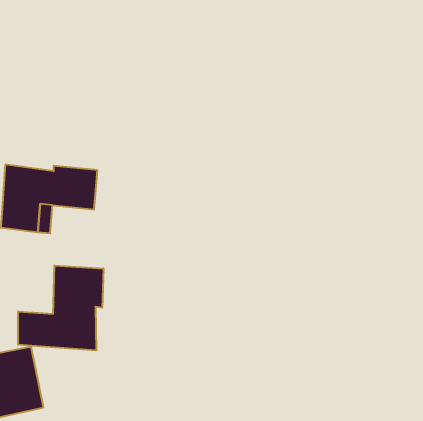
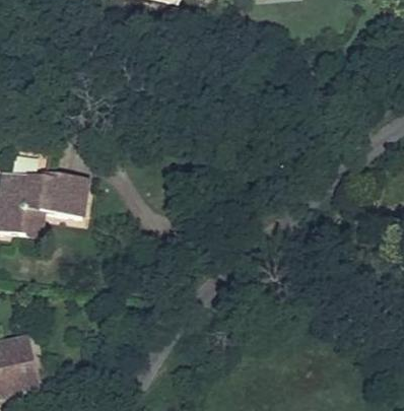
building: [18,265,103,350] -> none

